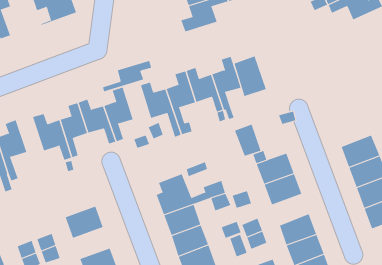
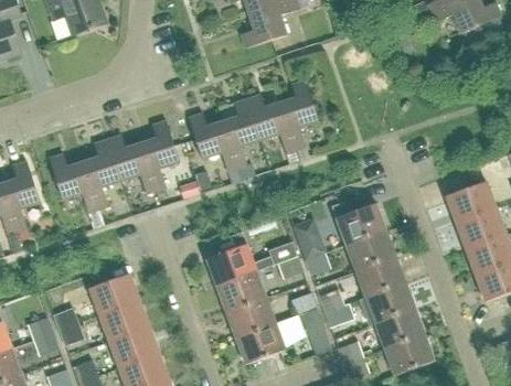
building: [234,56,266,97] -> none
building: [103,60,152,92] -> none
building: [234,124,261,157] -> [290,217,326,260]
building: none -> [355,257,404,298]
building: none -> [99,300,148,341]

